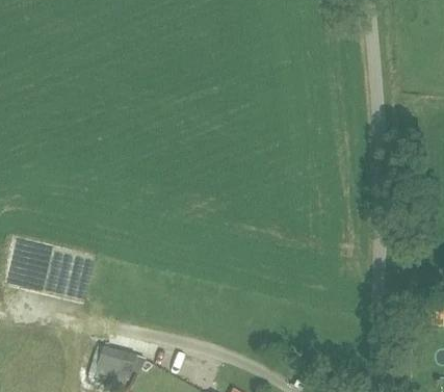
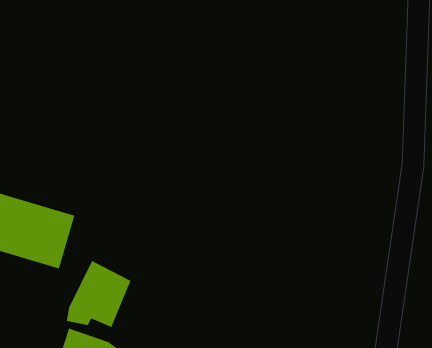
building: none -> [66,260,131,328]

